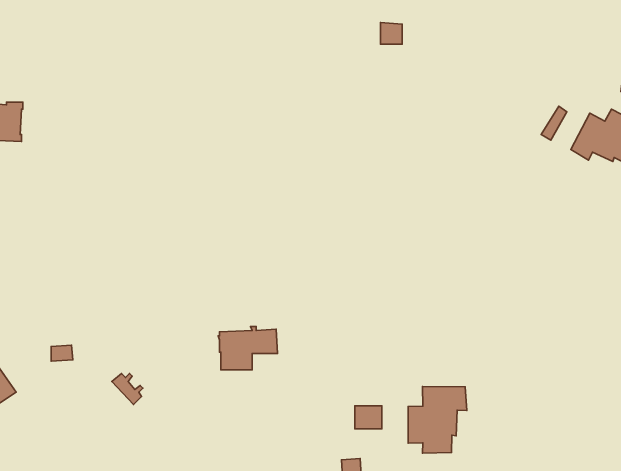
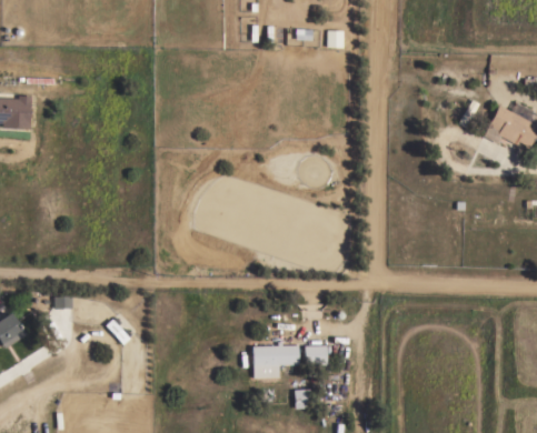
building: [218,326,278,370] -> [251,342,300,377]
building: [408,387,467,453] -> none

